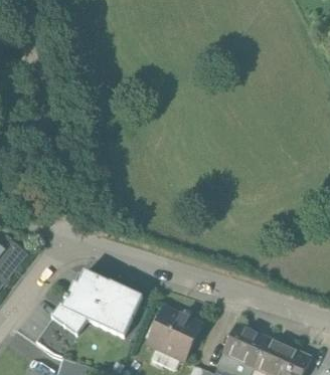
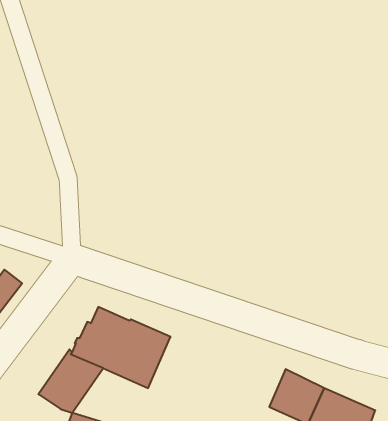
building: [148,305,201,359] -> none

